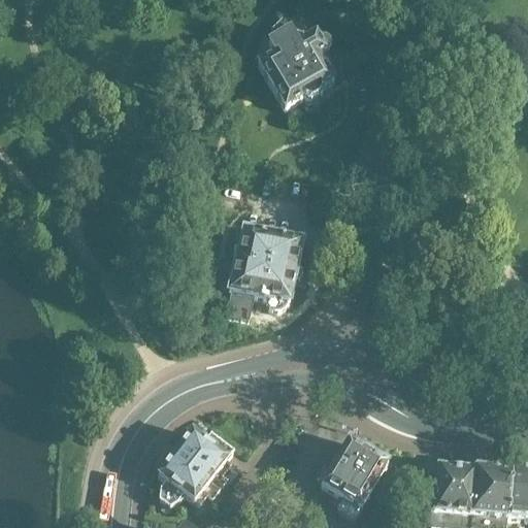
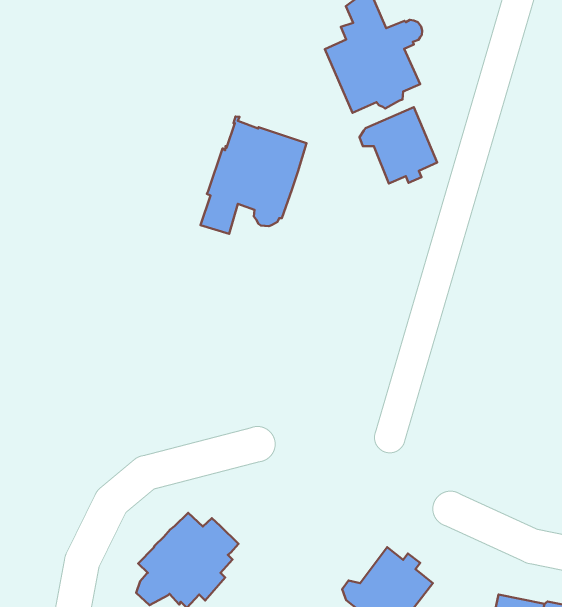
building: none -> [359,107,437,184]
building: [226,225,300,316] -> [200,117,306,234]

